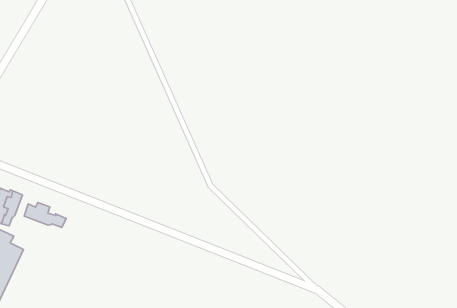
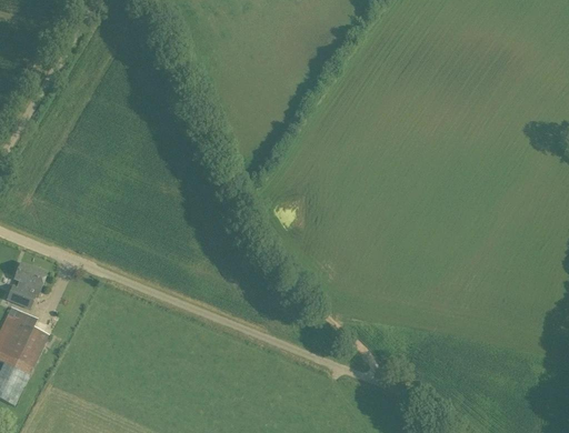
building: [24,202,66,228] -> none

